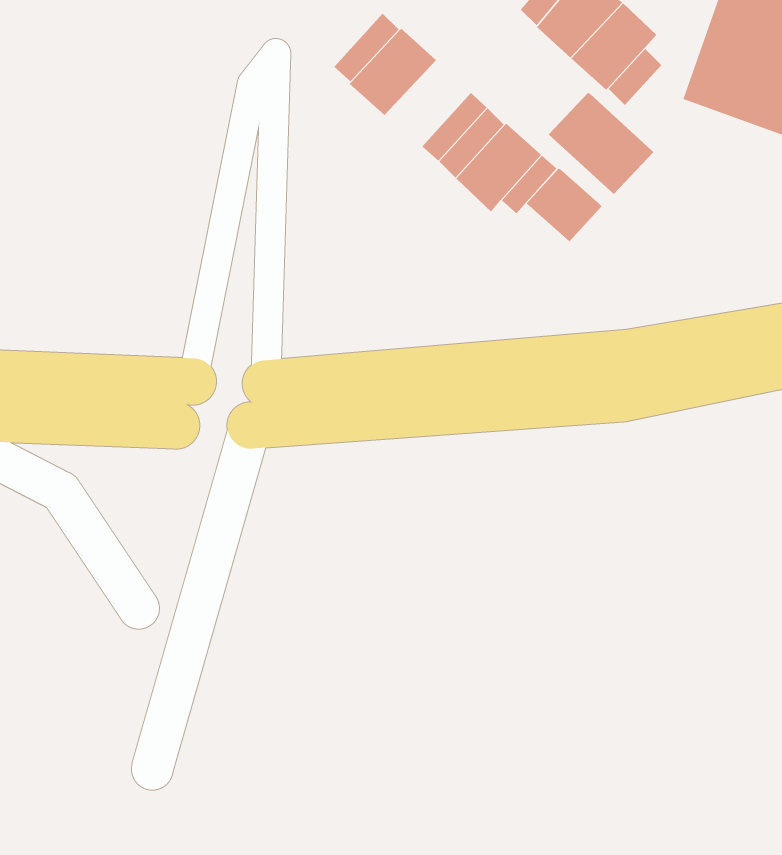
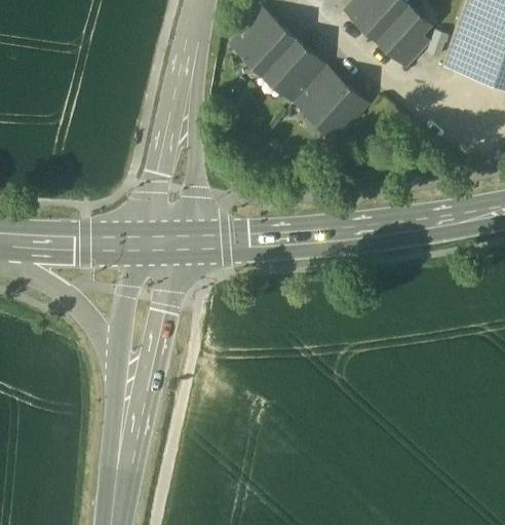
building: none -> [262,39,314,92]
building: [548,92,654,195] -> none
building: [526,167,602,242] -> none

